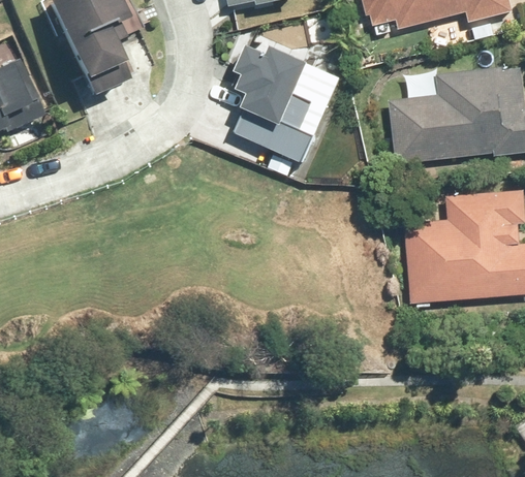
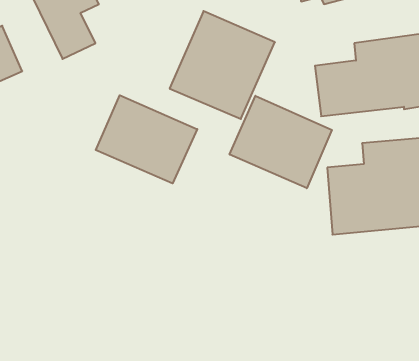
building: none -> [96,95,197,183]
building: none -> [230,96,332,188]

